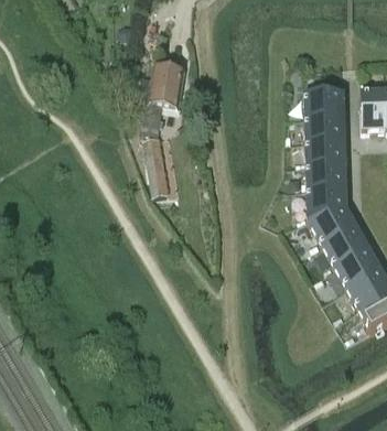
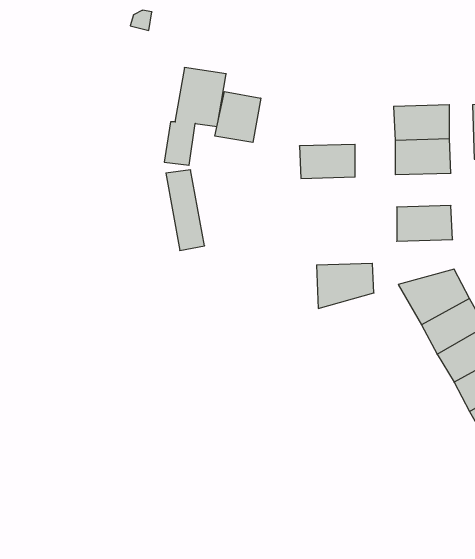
building: none -> [215,92,261,142]
building: [305,138,345,162] -> [299,144,355,178]
building: [307,185,347,217] -> [317,263,374,308]

